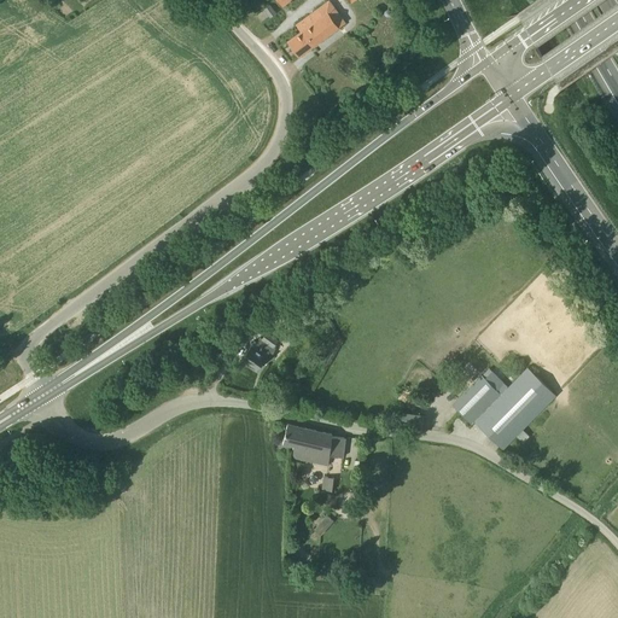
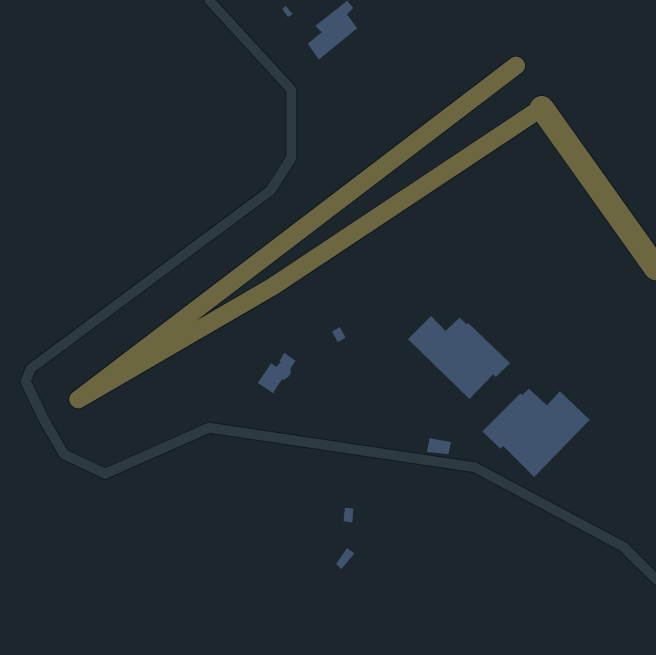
building: none -> [407,315,511,400]
building: [282,425,345,467] -> none

